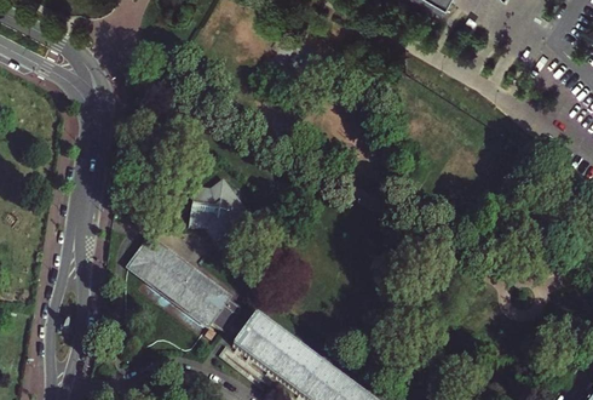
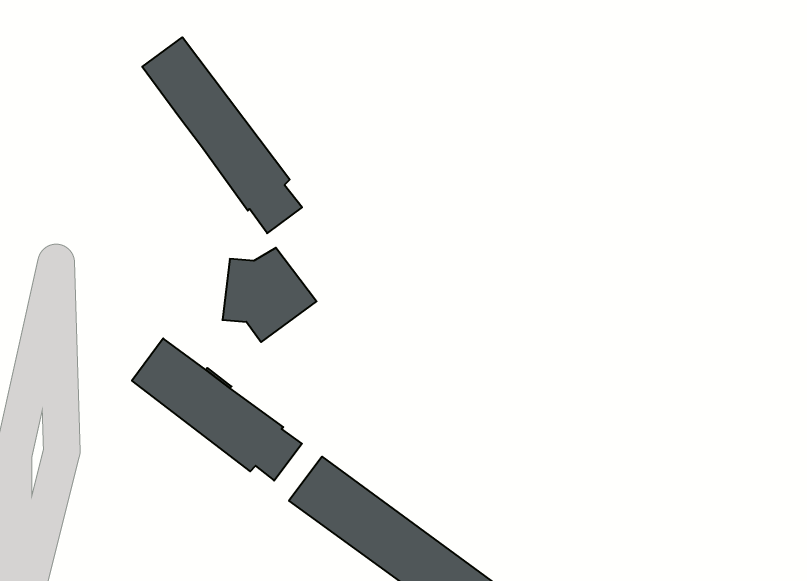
building: none -> [142,37,302,233]

